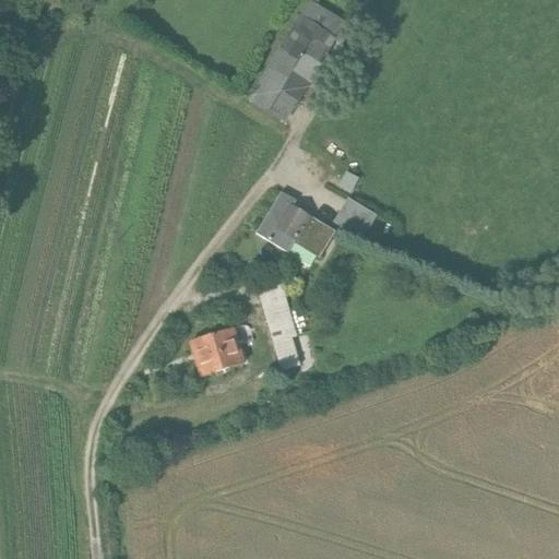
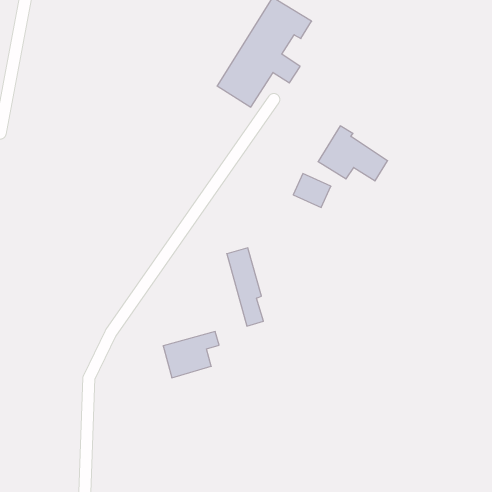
building: [257,191,335,253] -> [318,126,388,181]
building: [189,324,252,377] -> [163,332,219,378]

